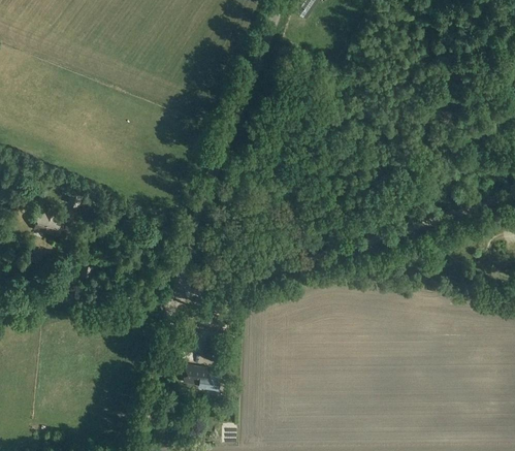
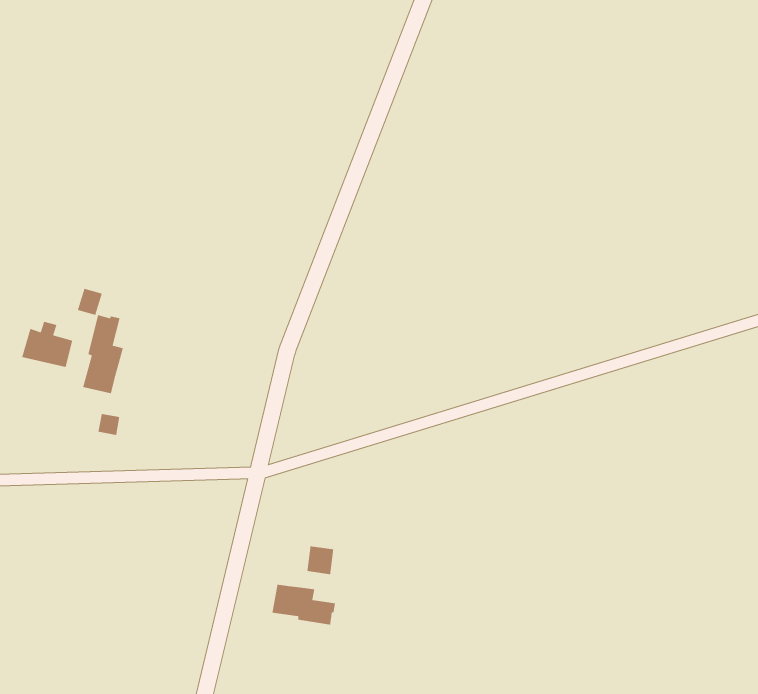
building: none -> [82,314,124,394]

